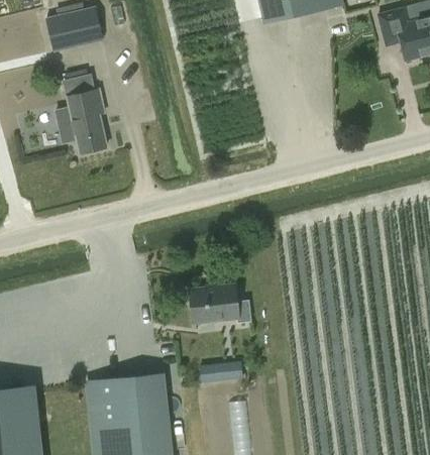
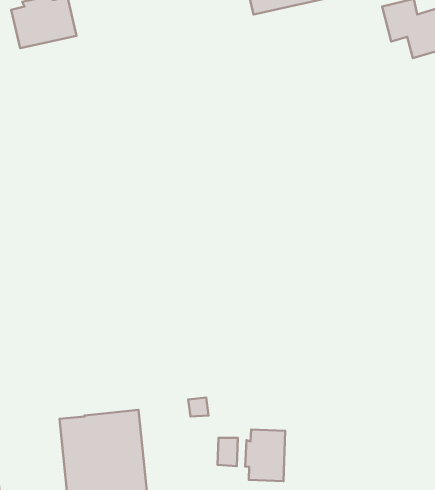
building: [56,76,106,152] -> none
building: [186,285,251,323] -> none
building: none -> [245,429,285,481]

